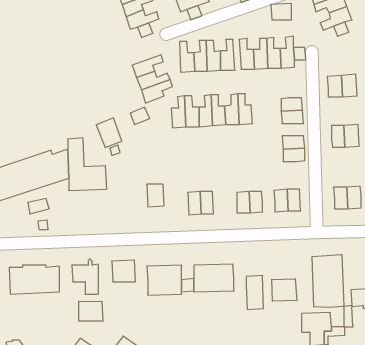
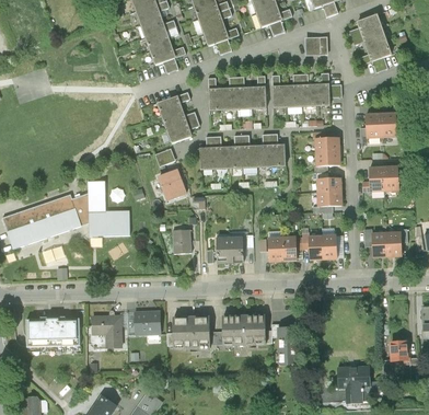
building: [96,118,122,147] -> [158,168,185,199]
building: [312,255,344,307] -> none
building: [272,279,297,301] -> none
building: [79,301,103,321] -> none

